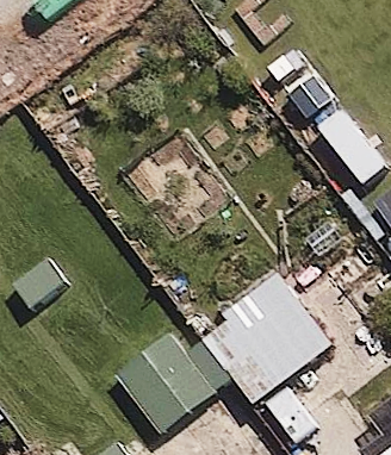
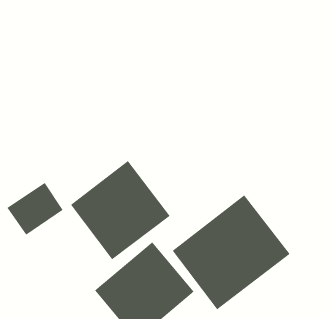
building: none -> [70,160,170,260]

